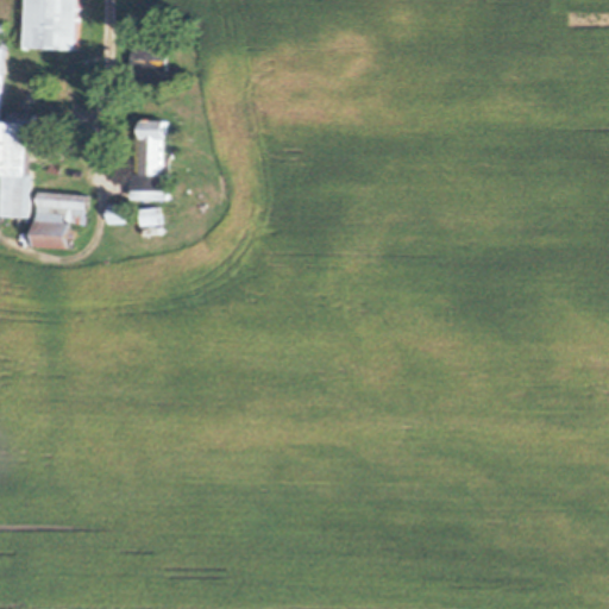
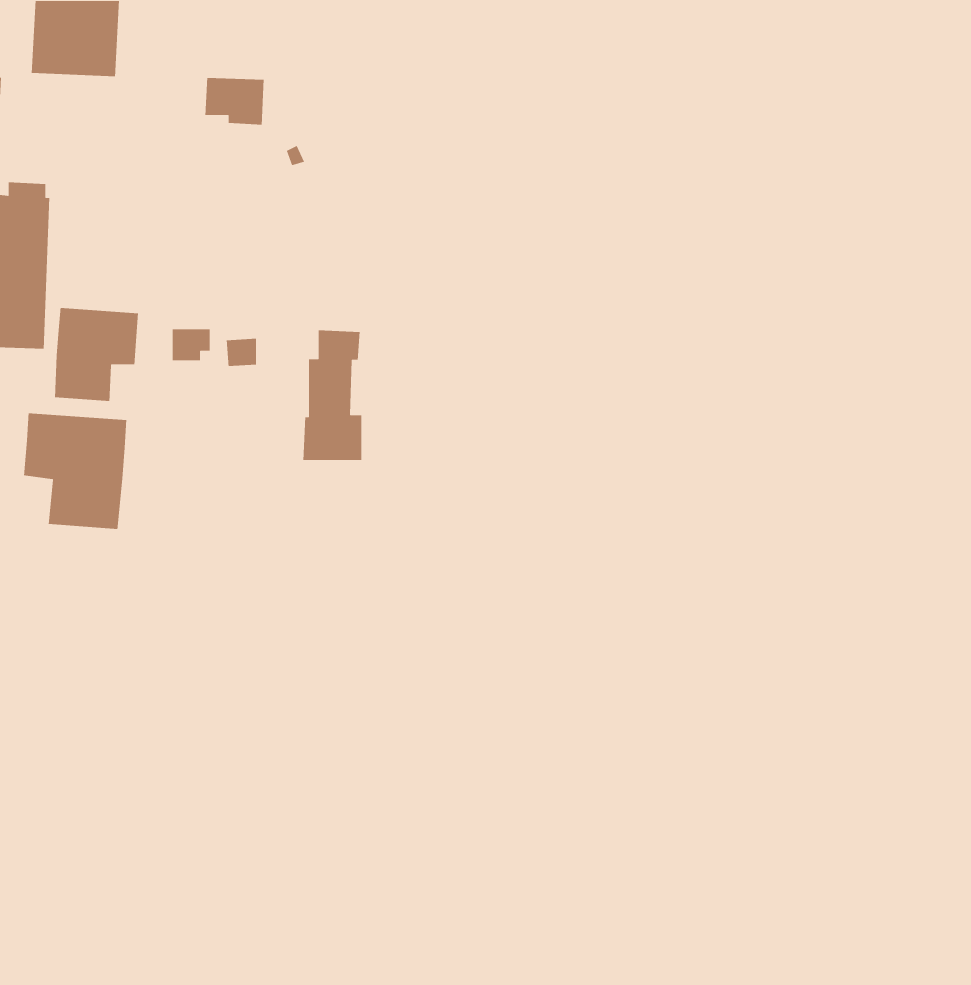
building: [128,119,165,200] -> [302,330,362,461]
building: none -> [23,412,127,530]

